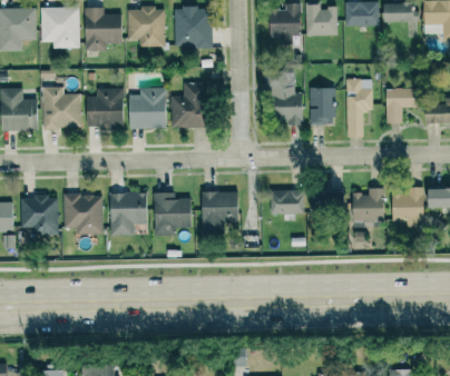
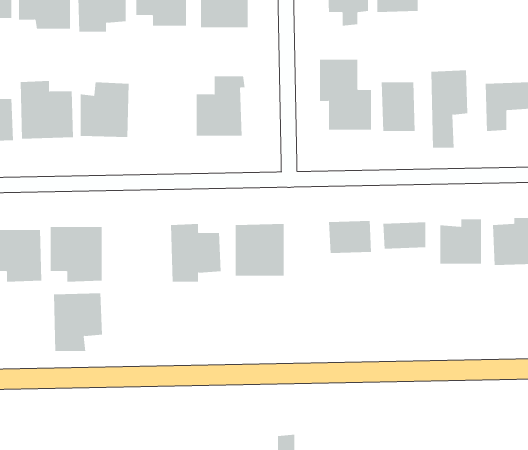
building: [129,87,167,128] -> none
building: [110,191,147,235] -> [53,293,103,352]

